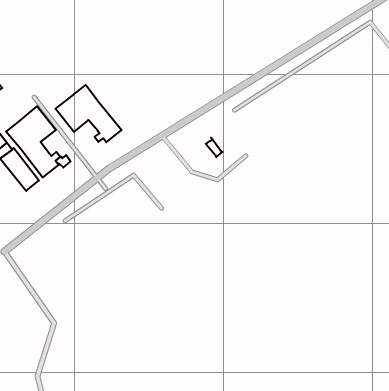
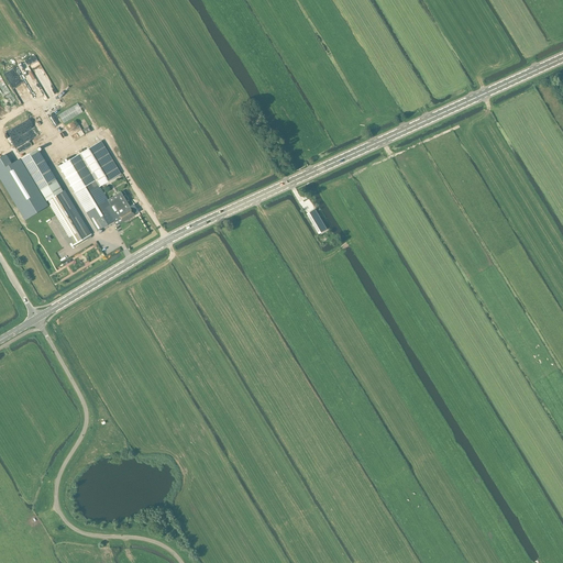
building: [55,85,122,142] -> none

